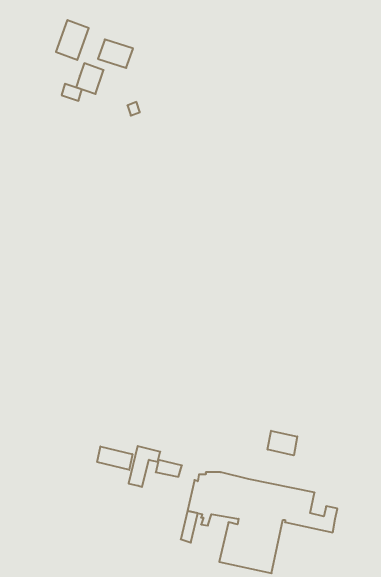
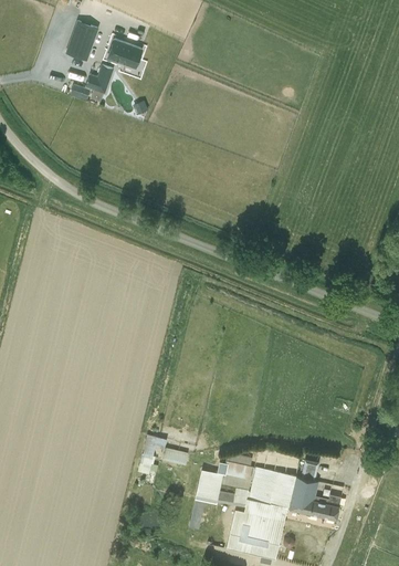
building: [268,431,297,455] -> none
building: [97,446,132,470] -> none

